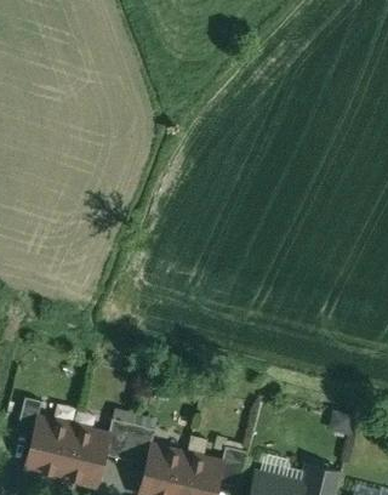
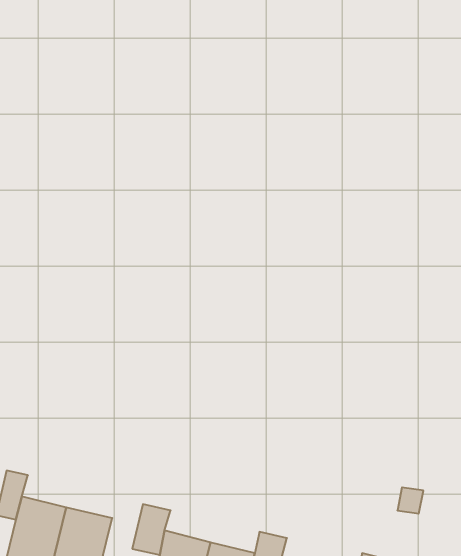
building: [104,419,133,460] -> none

